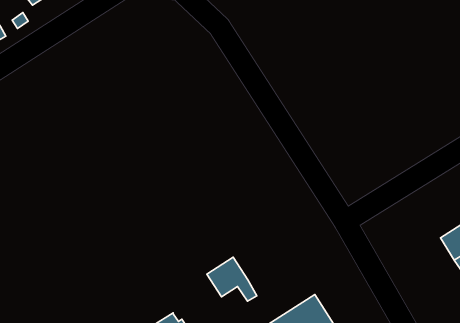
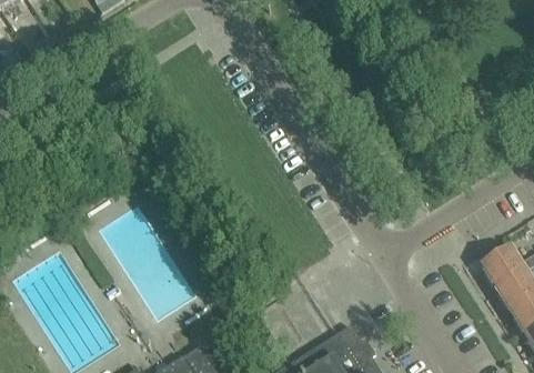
building: [207,257,257,301] -> none

